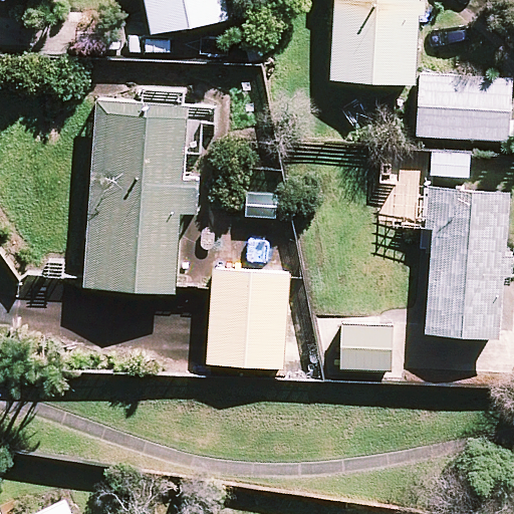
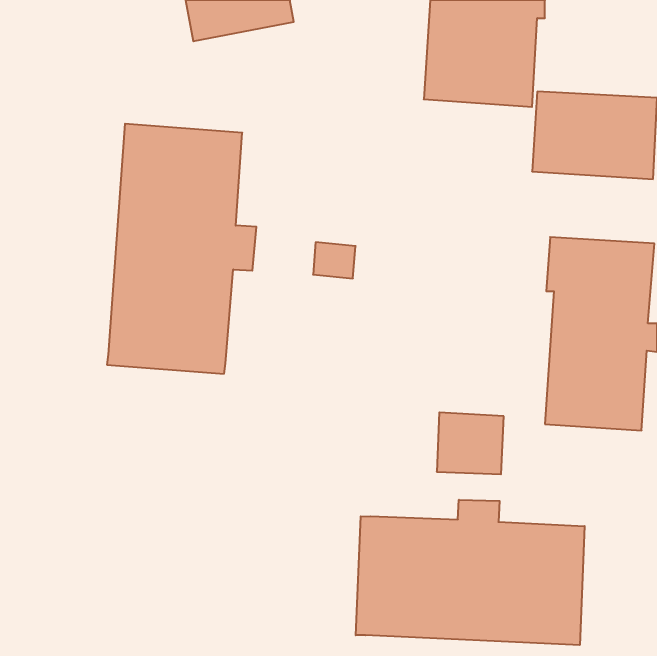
building: [207,268,289,367] -> none
building: none -> [356,500,585,645]

